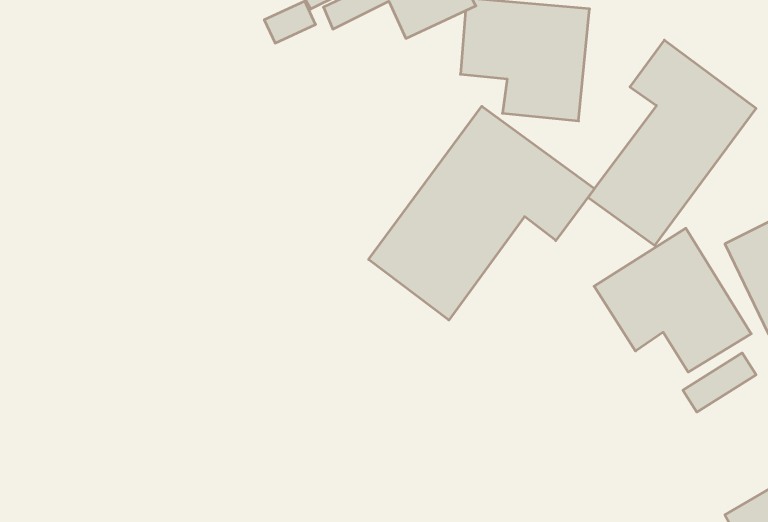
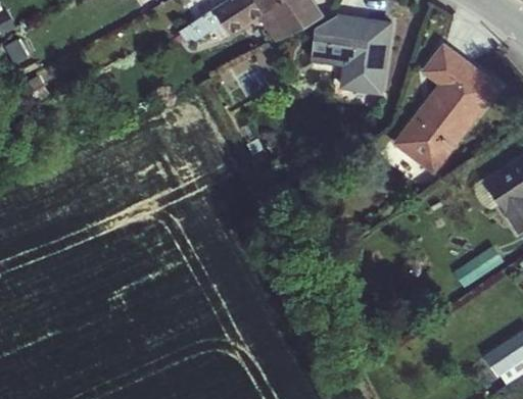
building: [369,106,594,320] -> none
building: [594,228,751,372] -> none

